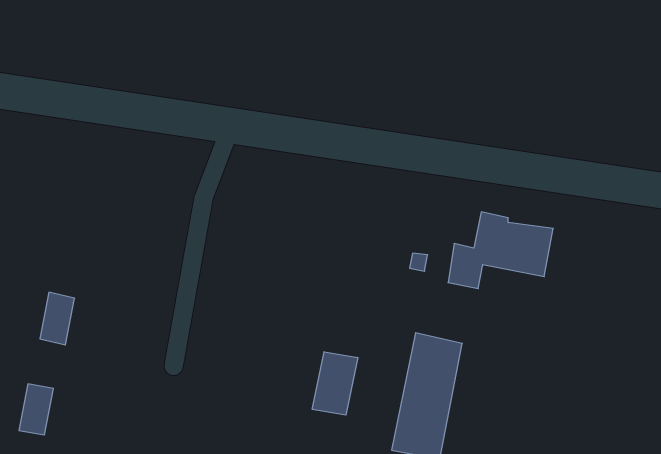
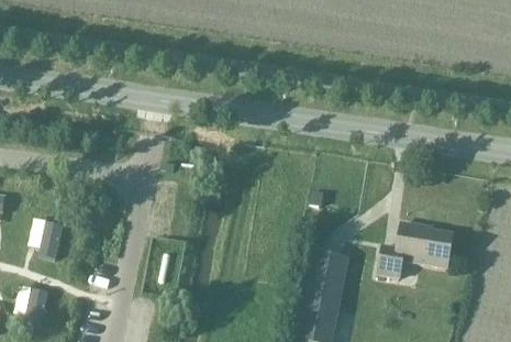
building: [448,212,553,289] -> [376,221,453,277]
building: [312,352,358,415] -> none

